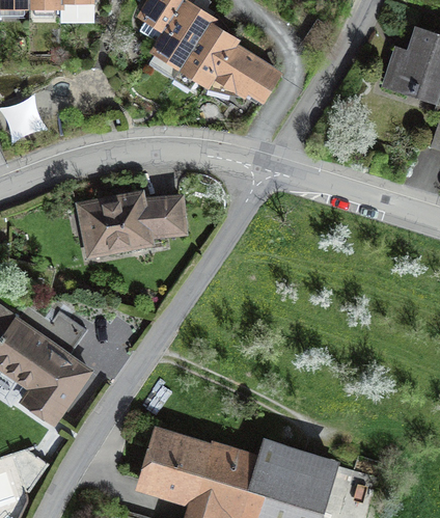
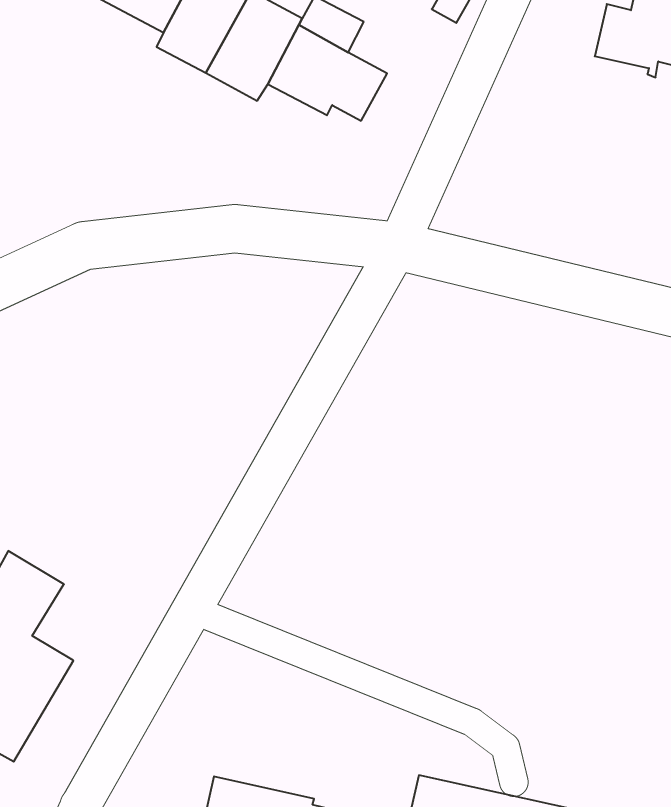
building: [82,197,183,252] -> none

